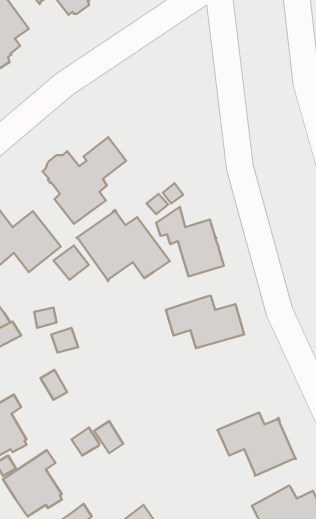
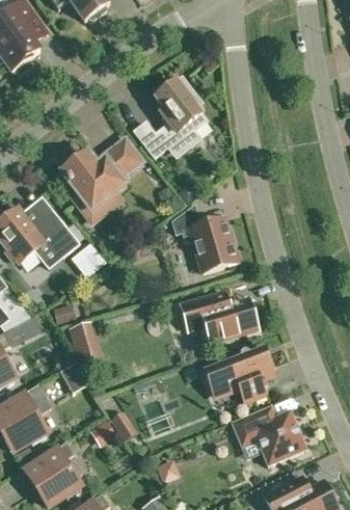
building: none -> [134,77,206,156]
building: [76,210,170,281] -> none
building: none -> [203,346,275,404]

